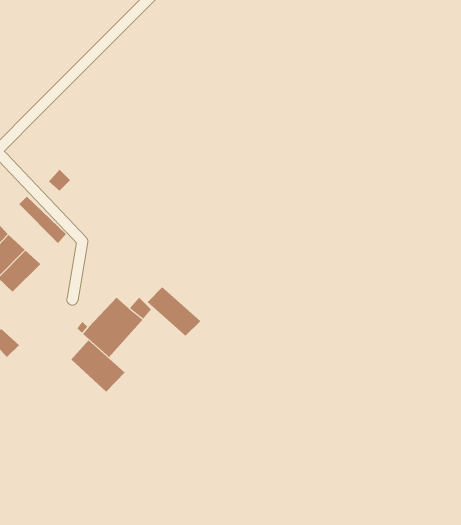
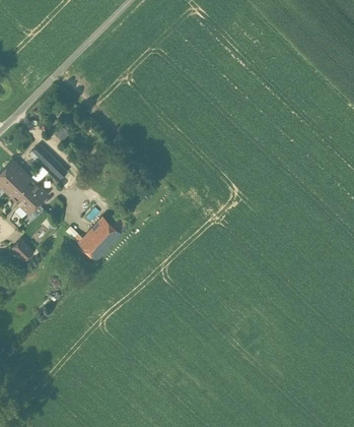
building: [147,287,201,337] -> none
building: [71,339,126,392] -> none

